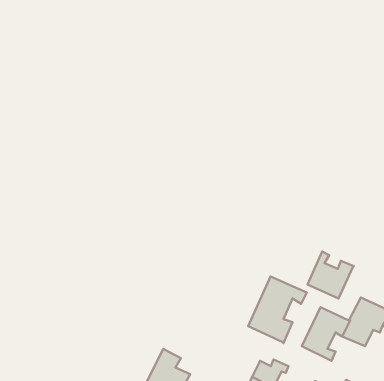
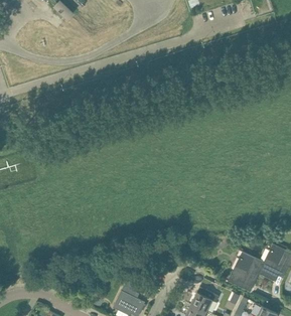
building: [307,251,354,298] -> none
building: [248,277,307,343] -> none

